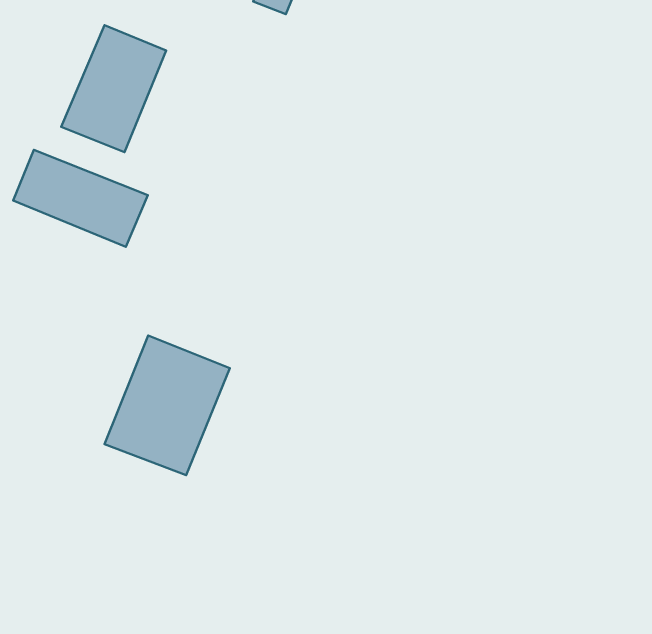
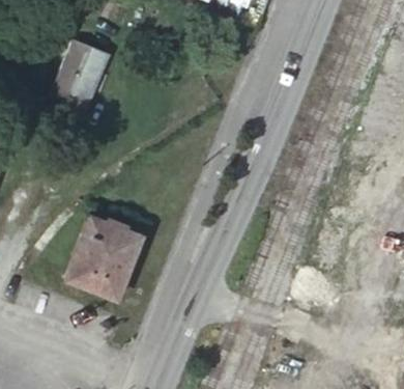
building: [13,150,148,247] -> none

